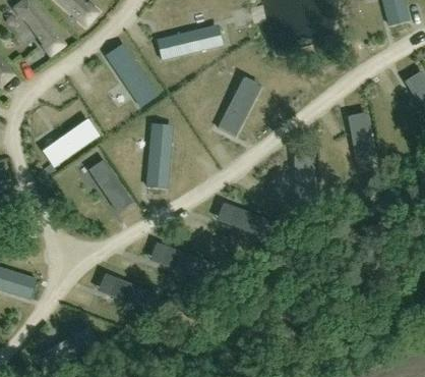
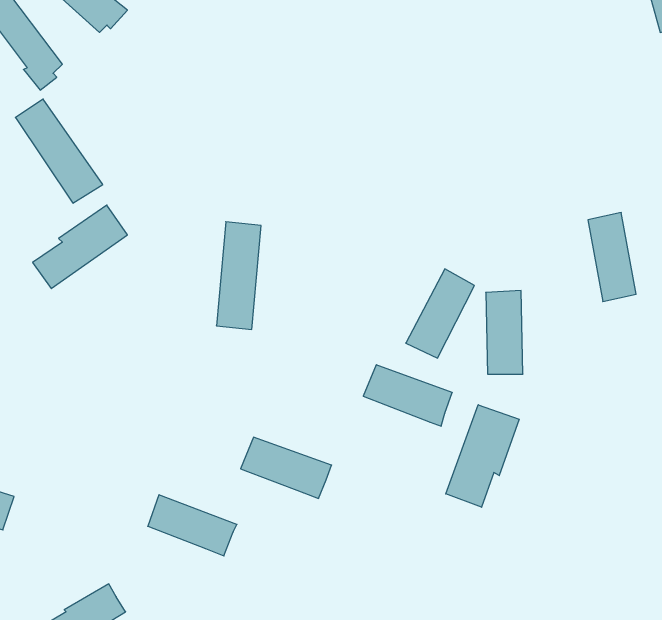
building: [156,25,217,58] -> none
building: [109,48,157,105] -> [15,99,103,203]
building: [217,86,254,134] -> [406,269,474,358]
building: [90,159,131,211] -> none
building: none -> [446,405,519,507]

